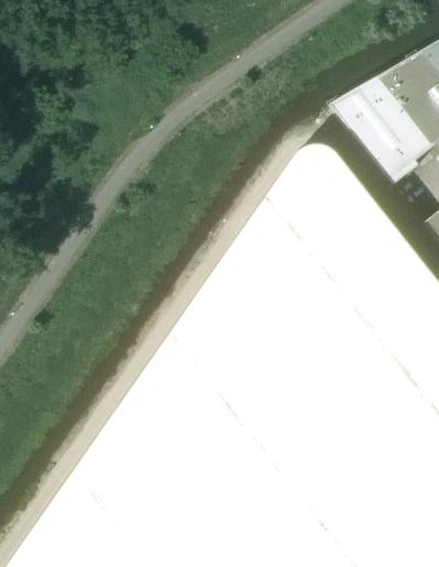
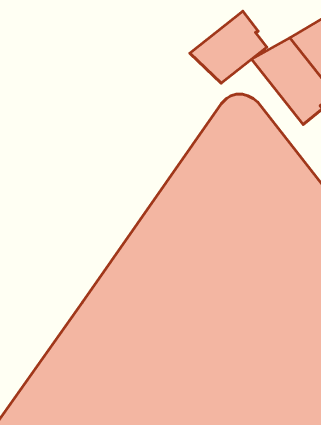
building: none -> [190,11,267,83]

